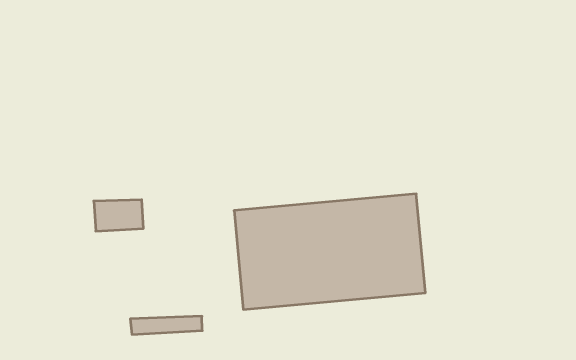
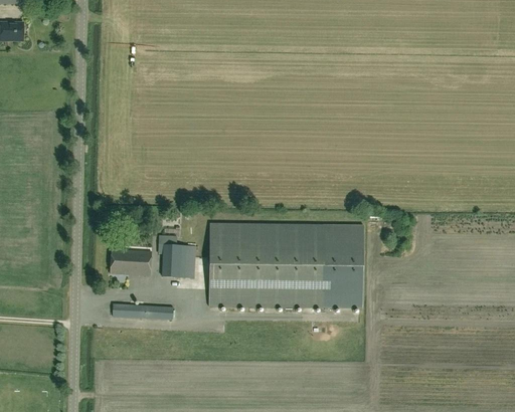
building: [94,200,143,231] -> [110,248,151,275]
building: none -> [162,244,196,277]

